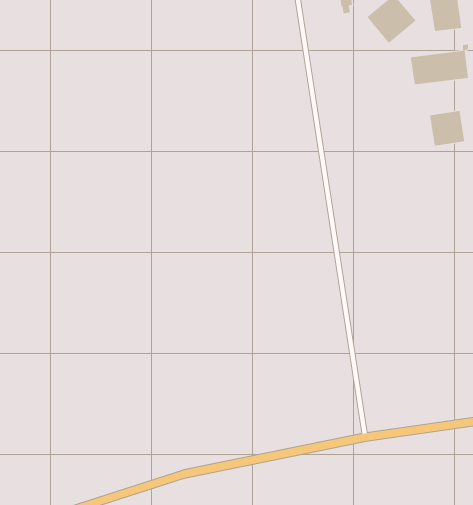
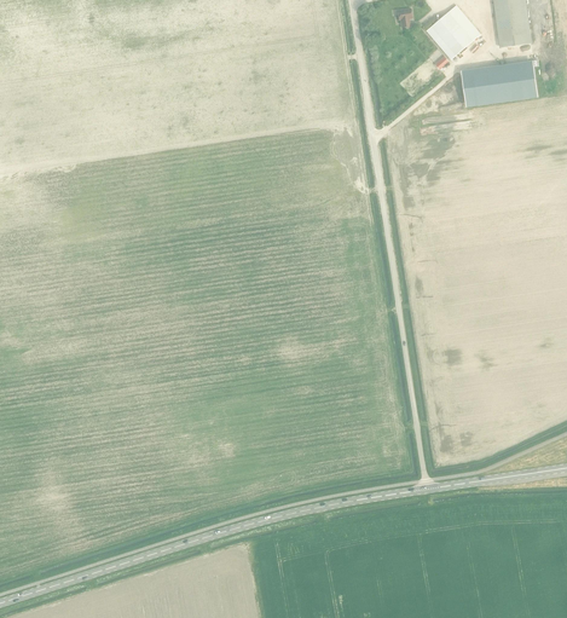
building: [429,110,465,147] -> none

